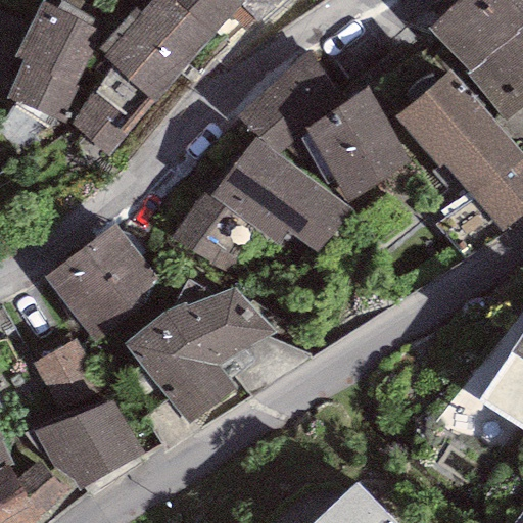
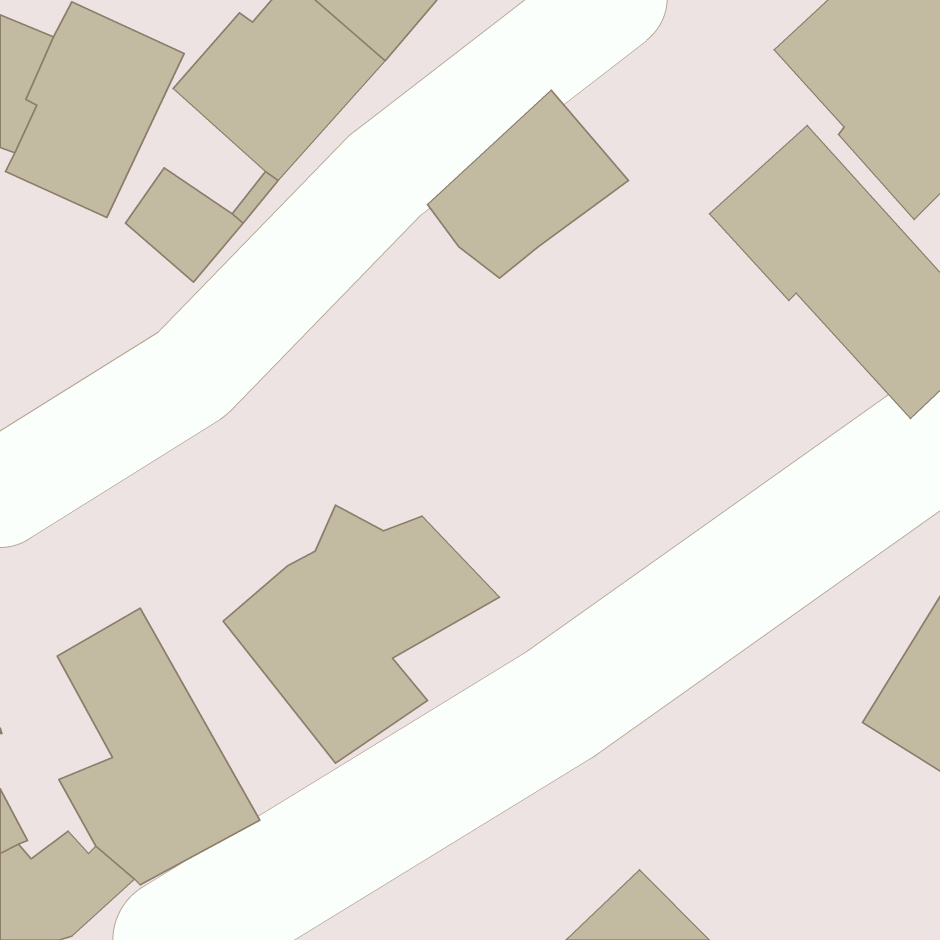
building: [299,87,413,201] -> none
building: [169,137,355,273] -> none
building: [43,225,164,343] -> none

